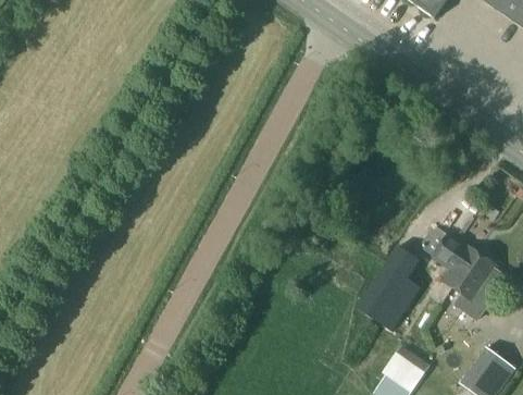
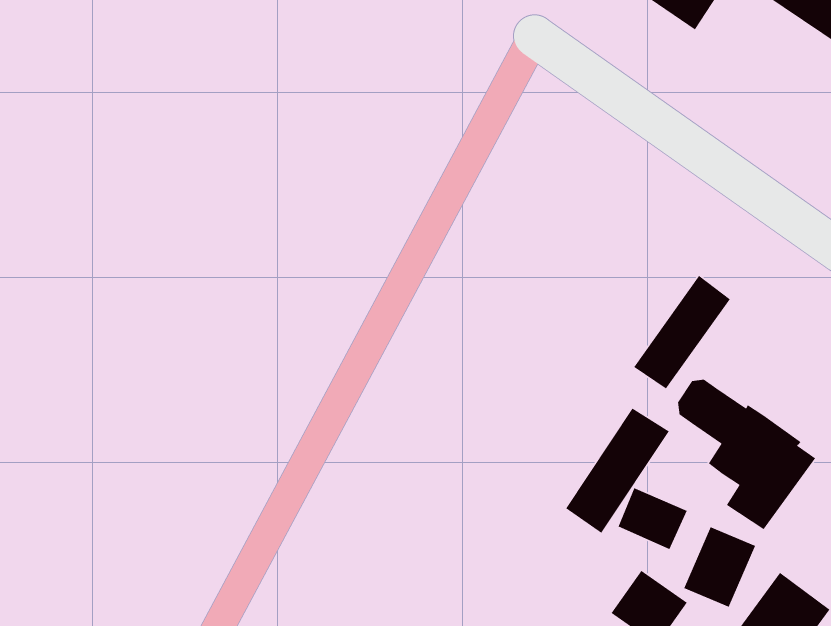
building: none -> [633,275,731,389]
building: none -> [683,526,756,608]

